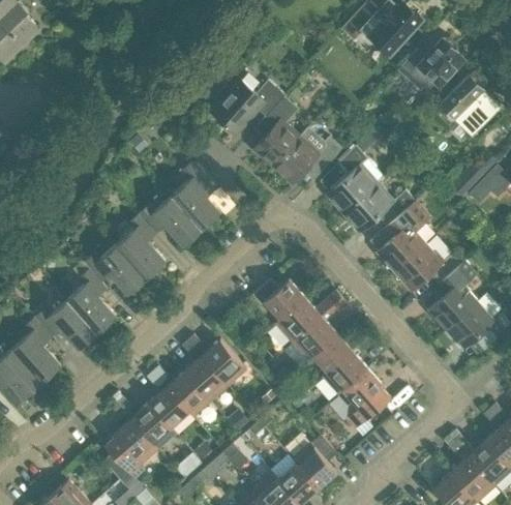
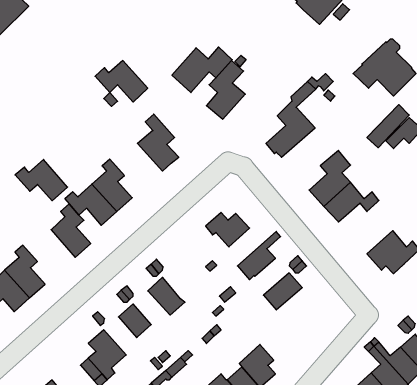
building: [397,36,463,93] -> none
building: [273,127,341,184] -> none
building: [343,177,415,233] -> none
building: [138,196,201,245] -> [95,61,148,102]
building: [428,261,477,328] -> none
building: [274,295,337,343] -> none
building: [33,299,96,349] -> [15,159,68,201]
building: [311,333,353,378] -> none
building: [201,339,246,386] -> none
building: [337,368,384,432] -> none
building: [166,373,210,417] -> none
building: [130,404,175,449] -> none

